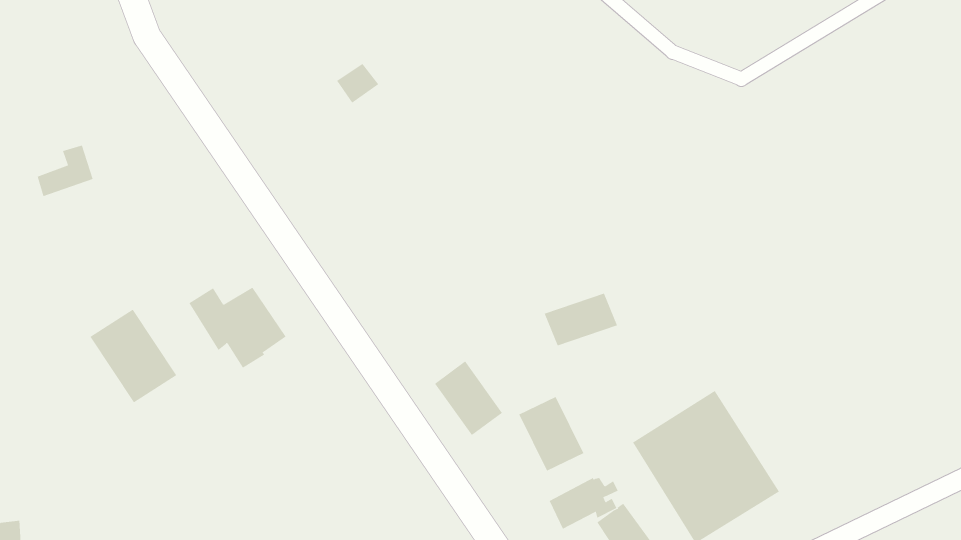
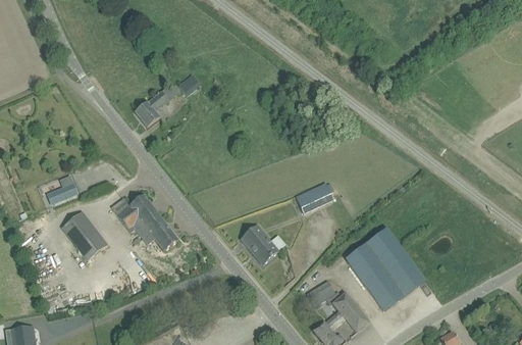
building: none -> [135,87,174,127]
building: [37,145,94,197] -> [47,176,76,204]
building: none -> [141,219,177,251]
building: [518,396,584,472] -> none

